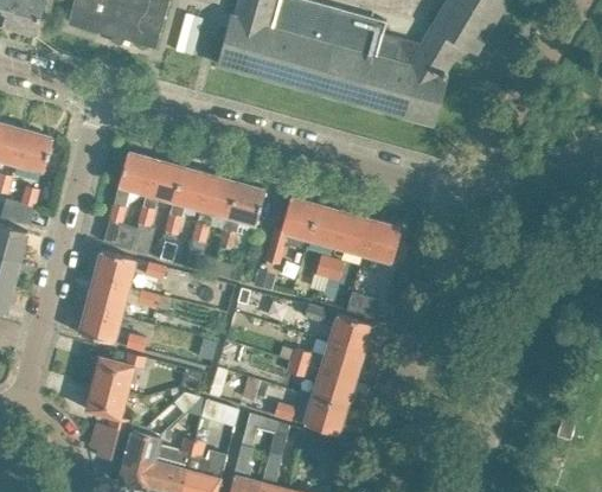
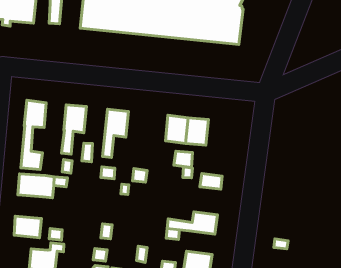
building: [130,159,180,254] -> none
building: [198,173,236,216] -> none
building: [265,196,318,262] -> none
building: [363,219,401,262] -> none
building: [84,279,158,317] -> none
building: [303,305,371,352] -> none
building: [312,368,354,405] -> none

